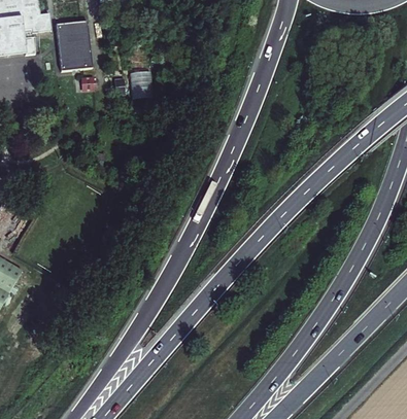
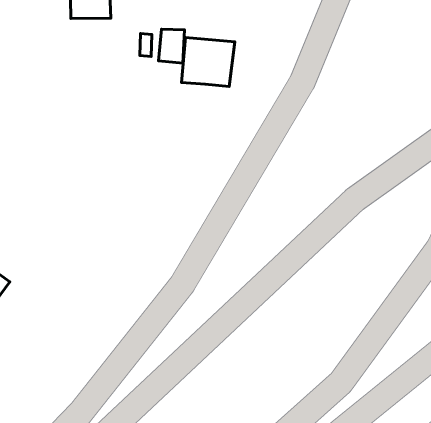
building: none -> [181,38,235,87]

